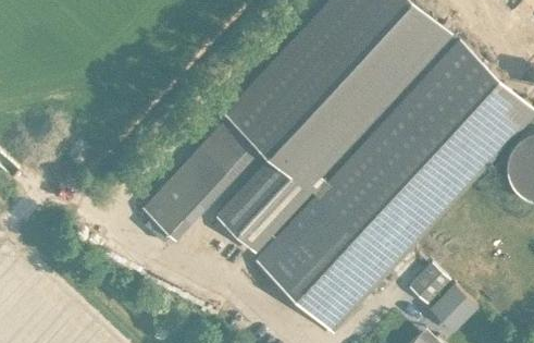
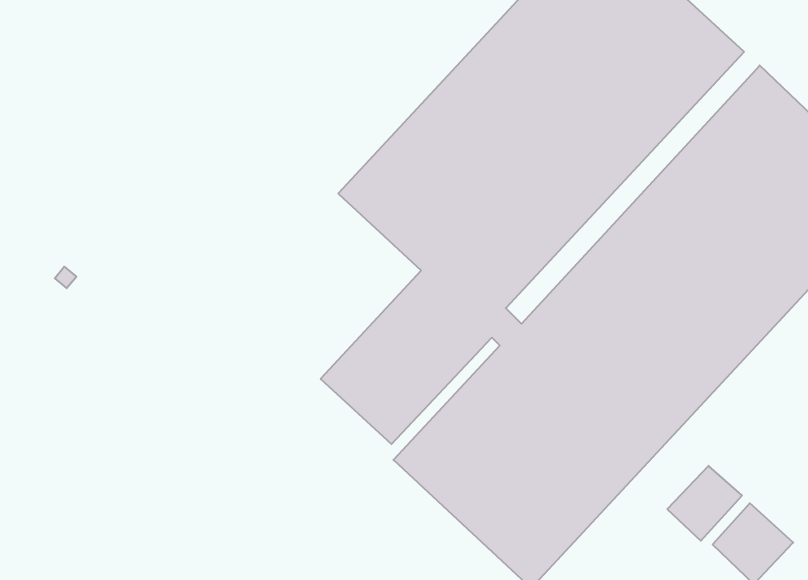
building: [142,118,257,240] -> none

